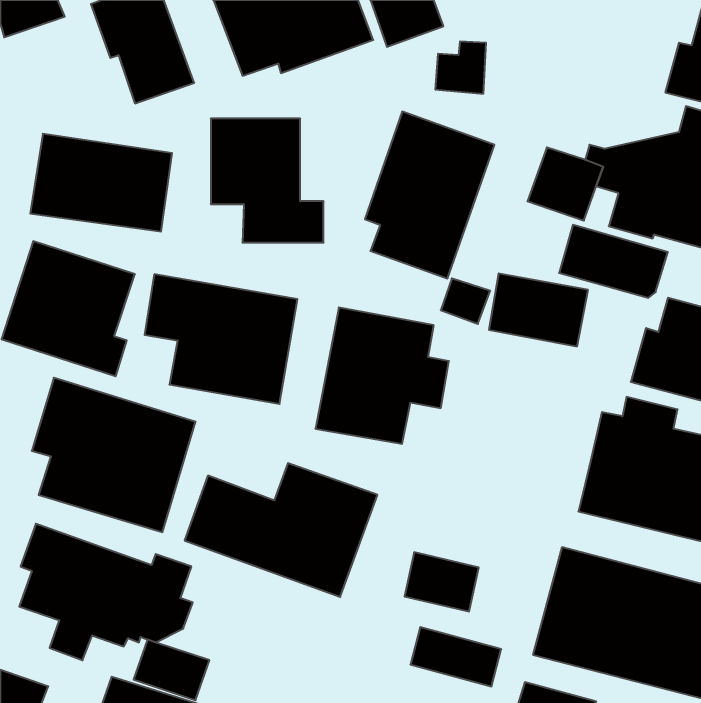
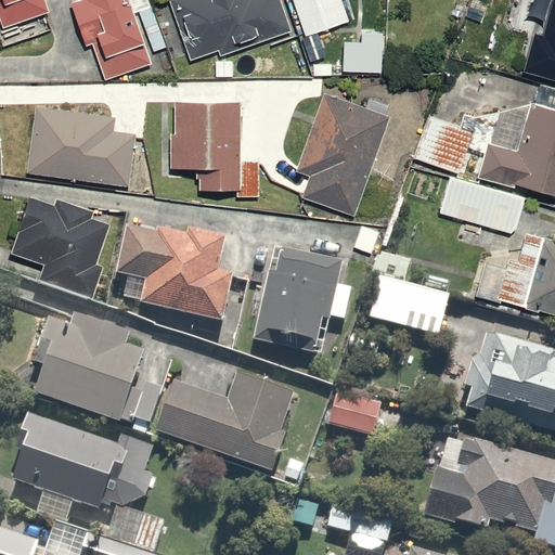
building: [489,273,588,346] -> [372,275,450,333]
building: [404,552,479,612] -> [325,385,384,431]

